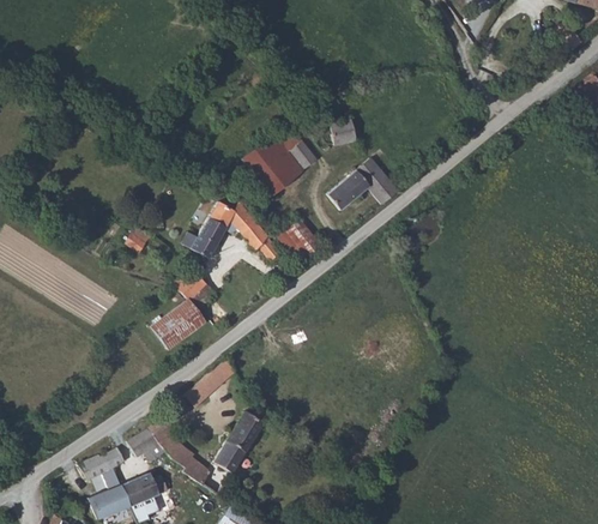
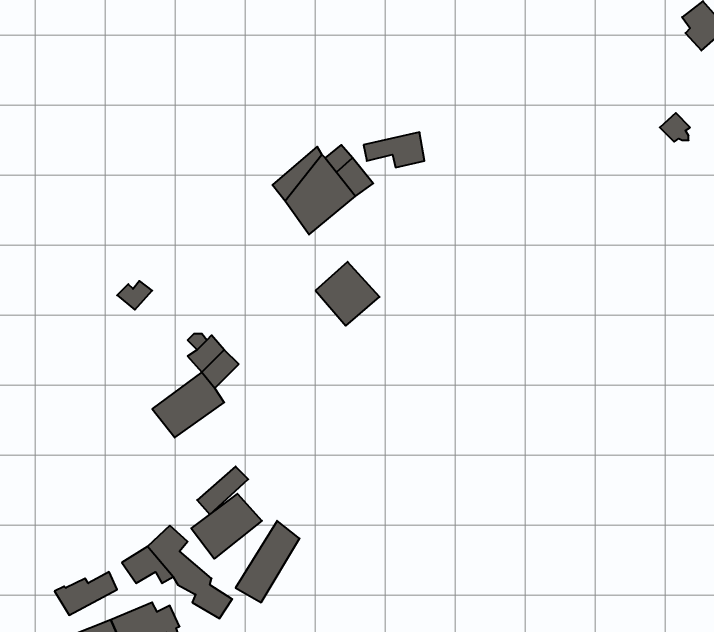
building: [326,157,399,209] -> none
building: [181,192,282,260] -> none
building: none -> [191,494,262,559]

